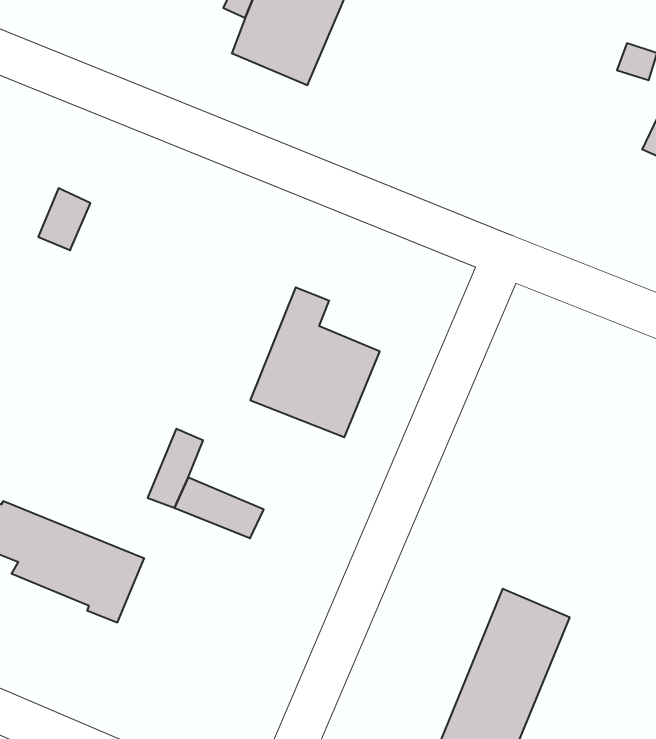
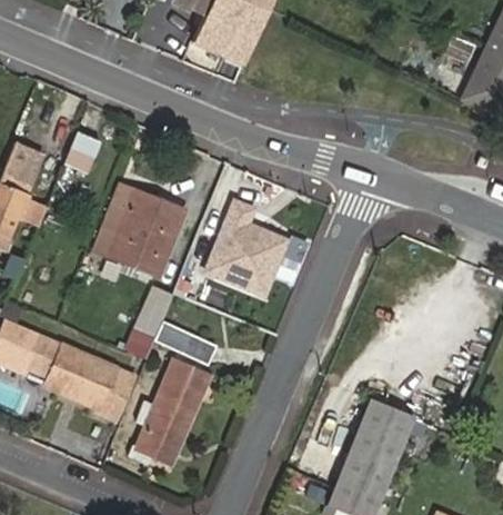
building: none -> [91,180,180,277]
building: none -> [137,366,207,465]

